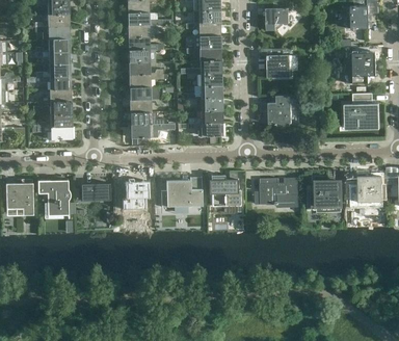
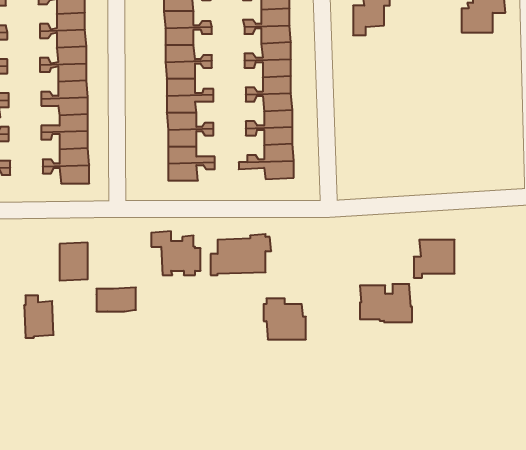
building: [347,47,376,76] -> none
building: [267,49,294,78] -> none
building: [344,94,379,130] -> none
building: [268,95,300,126] -> none
building: [357,174,387,208] -> none
building: [209,176,240,206] -> [264,298,306,339]
building: [260,178,298,206] -> [360,284,412,322]
building: [12,181,34,212] -> [24,295,54,338]
building: [81,183,110,201] -> [96,287,136,311]

